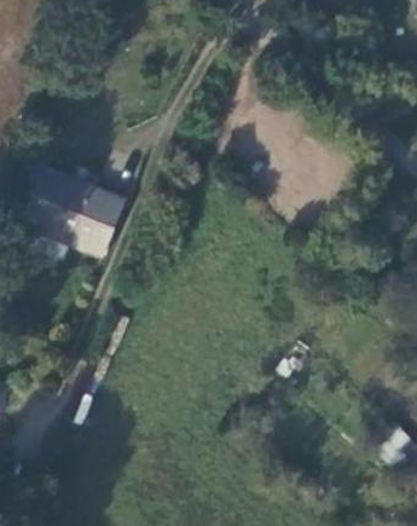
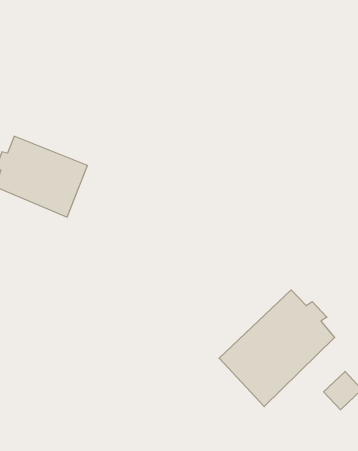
building: none -> [219,290,335,407]

